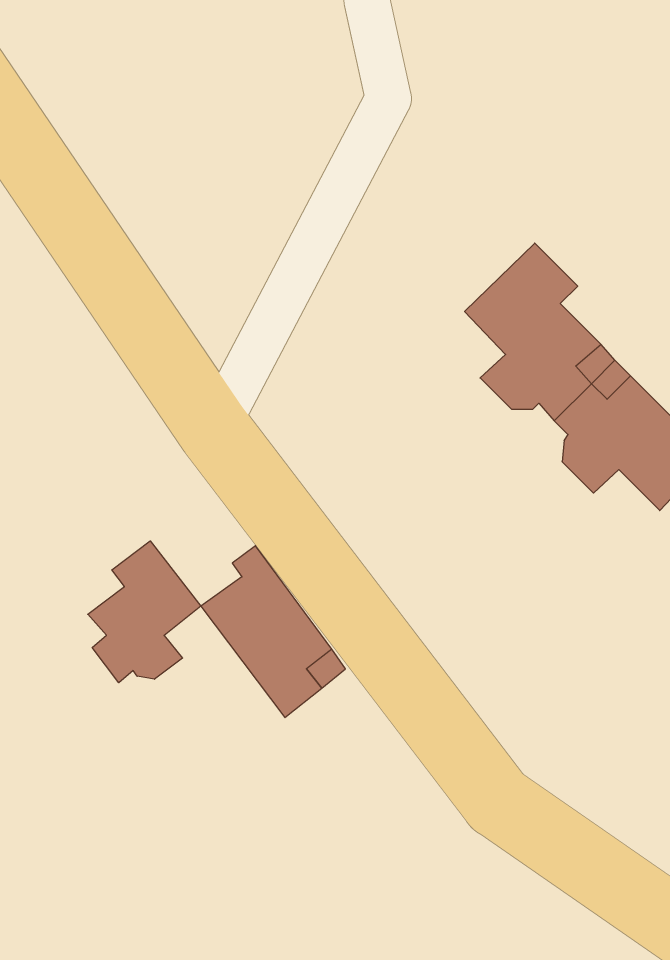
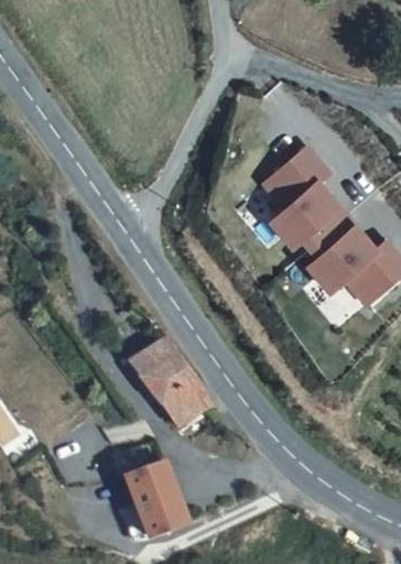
building: [88,541,201,683] -> none
building: none -> [116,456,177,542]

